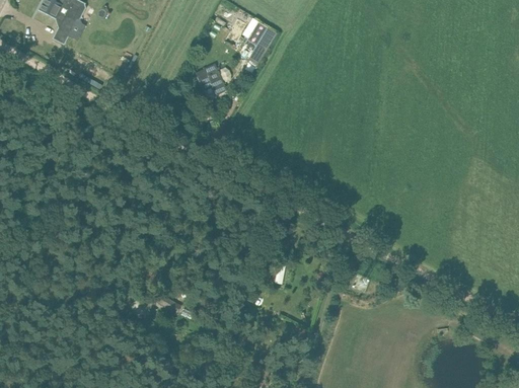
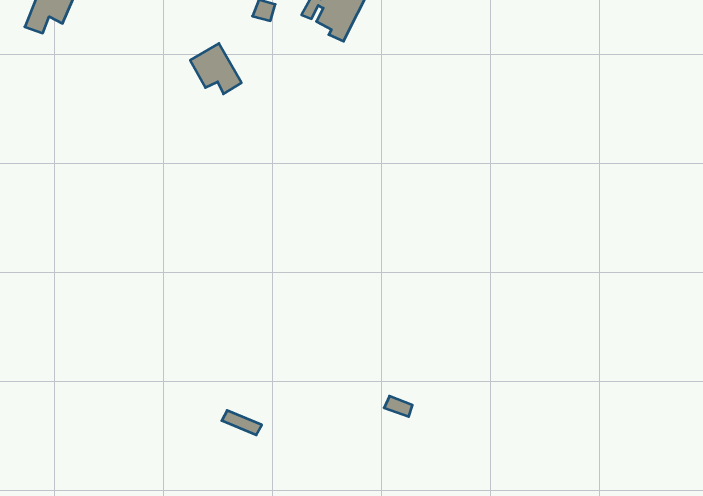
building: [196,64,227,96] -> [190,43,241,94]

